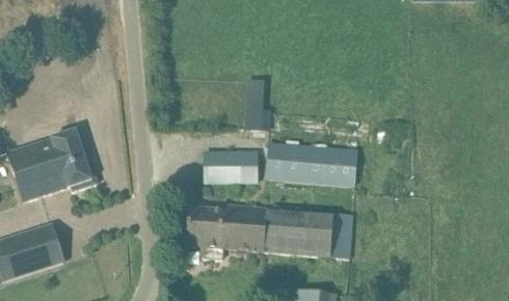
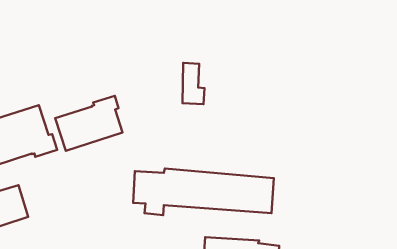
building: none -> [55,96,122,151]
building: [264,143,355,186] -> none
building: [218,152,256,182] -> none

